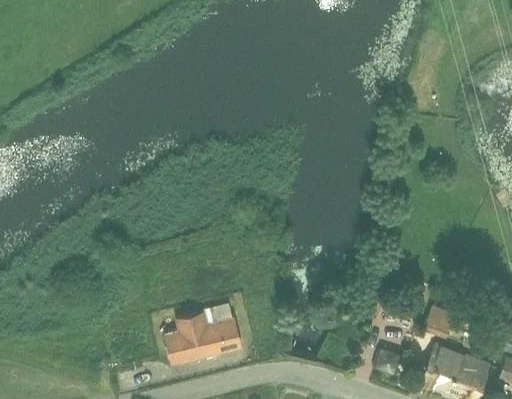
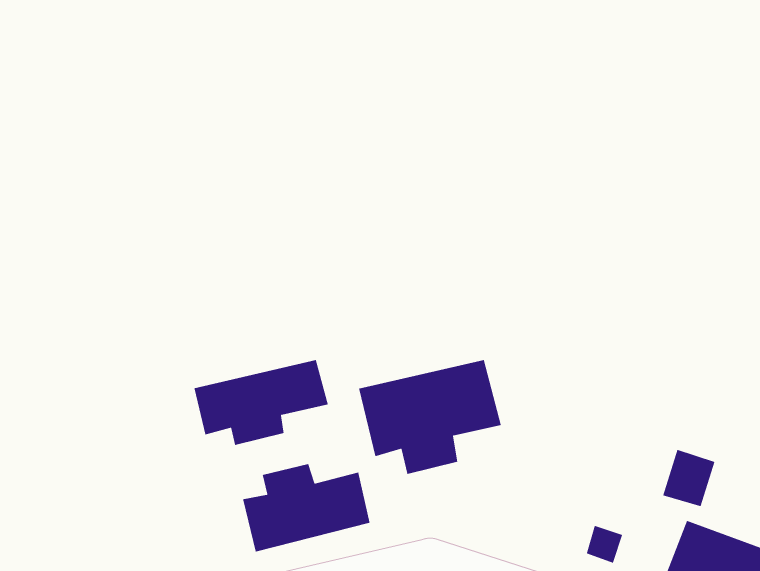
building: none -> [358,359,502,475]
building: none -> [193,359,329,446]

